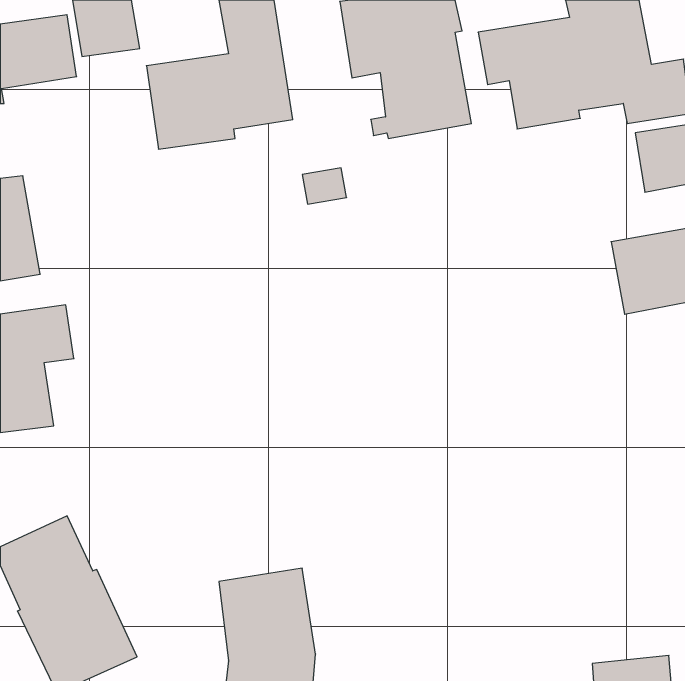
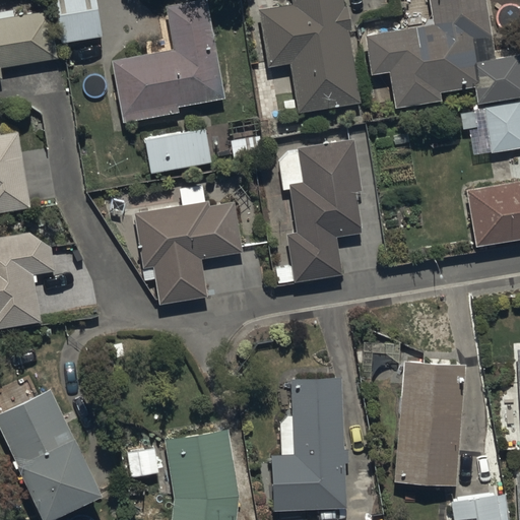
building: none -> [143,131,211,177]
building: none -> [276,135,362,281]
building: none -> [135,190,243,307]
building: none -> [394,363,465,492]
building: none -> [268,381,346,510]

